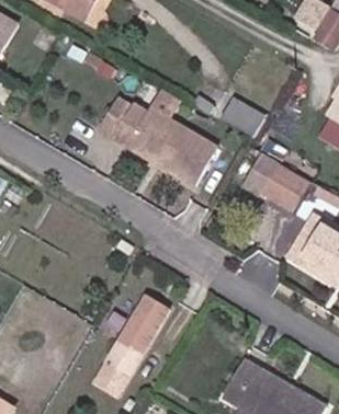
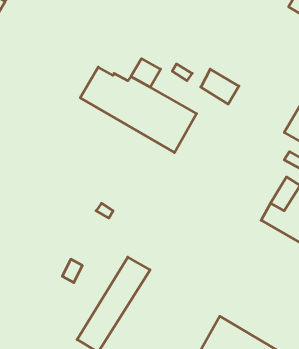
building: [246,156,306,209] -> none

